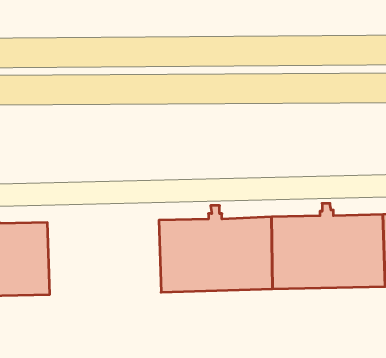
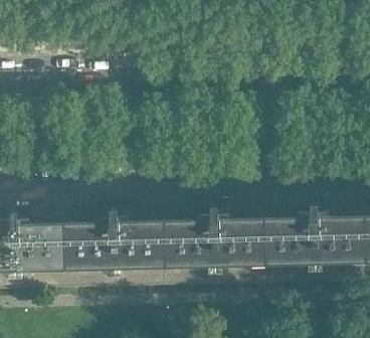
building: none -> [63,197,165,275]

